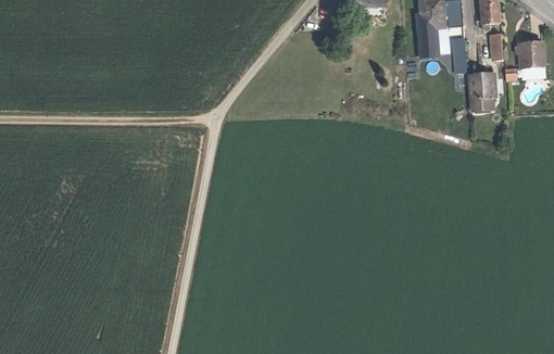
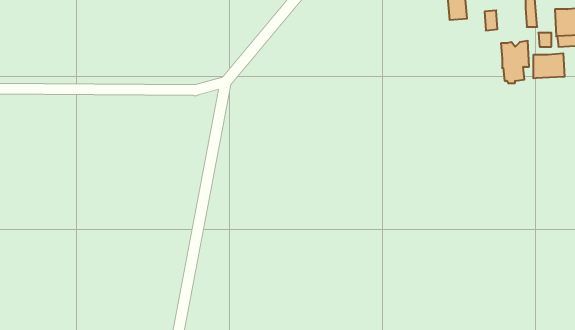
building: none -> [533,53,565,78]

